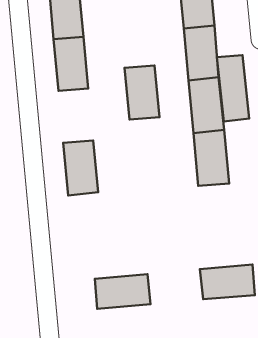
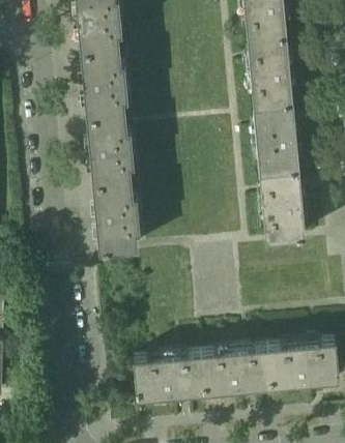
building: [217,55,249,121] -> none
building: [125,65,159,120] -> [87,118,132,187]
building: none -> [201,349,272,393]

